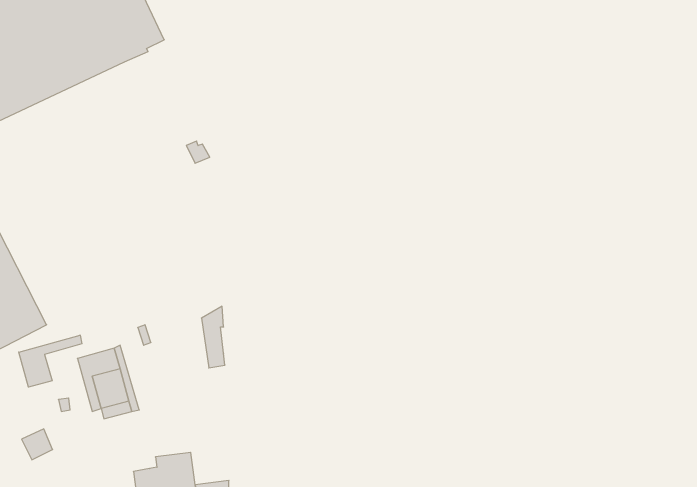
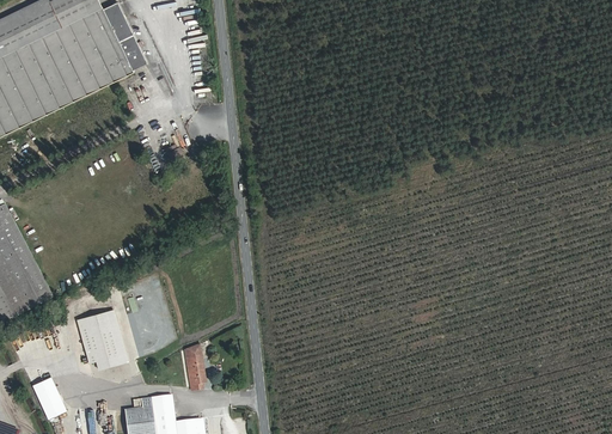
building: [201,306,225,368] -> [183,344,202,395]
building: [19,335,82,387] -> none

